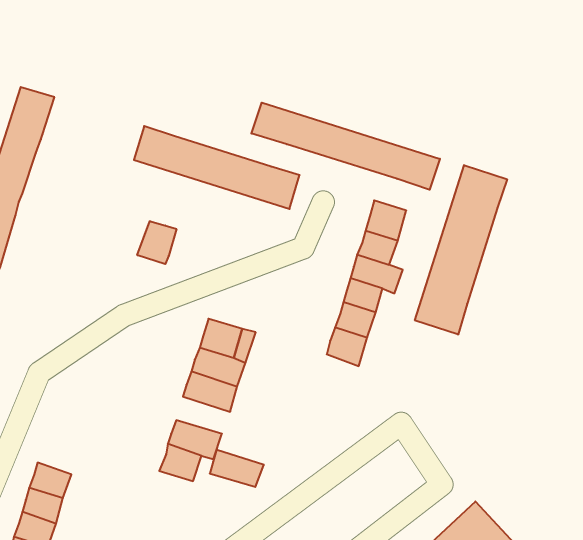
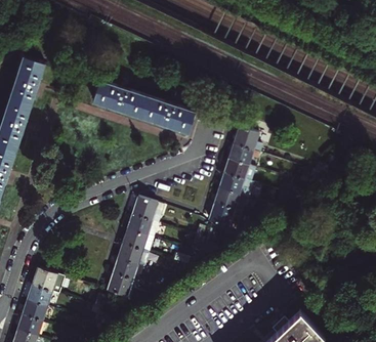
building: [251,103,440,190] -> none
building: [415,165,507,335] -> none
building: [137,221,176,264] -> none
building: none -> [33,270,67,296]
building: [210,450,264,487] -> [117,247,150,269]

